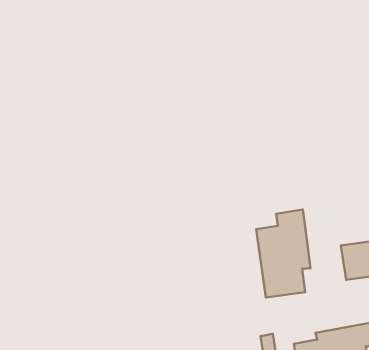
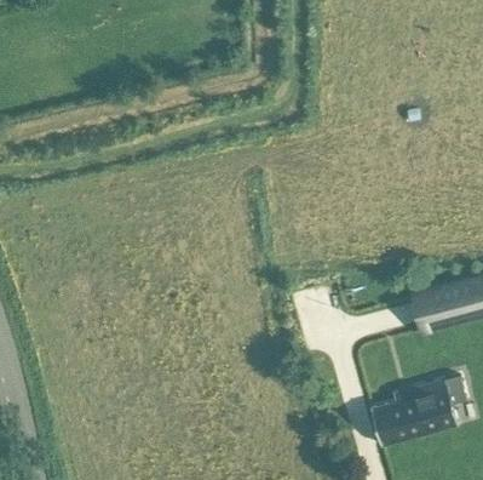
building: [256,210,311,297] -> none

